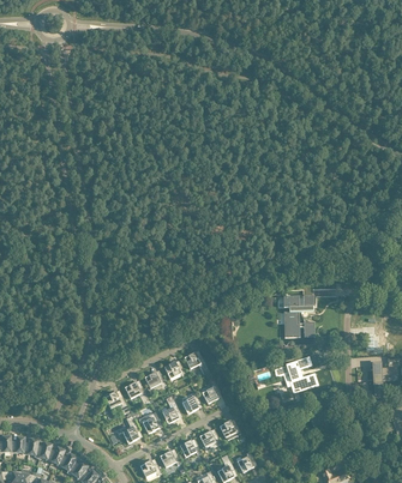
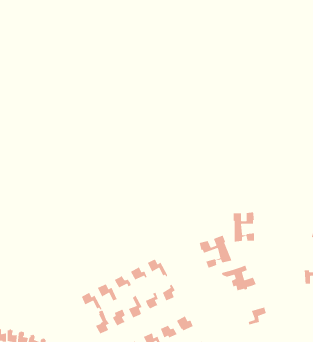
building: none -> [199,235,232,269]

